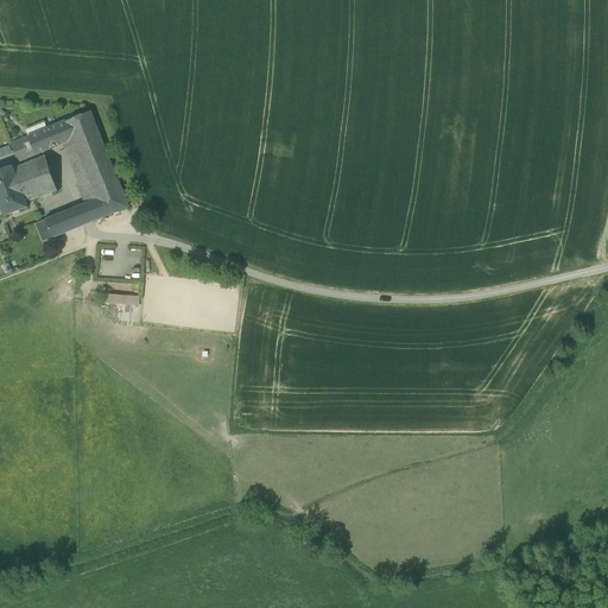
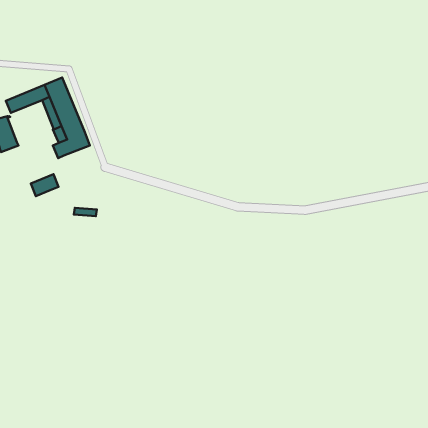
building: [11,154,55,201] -> none
building: [43,205,82,236] -> [31,174,58,196]

